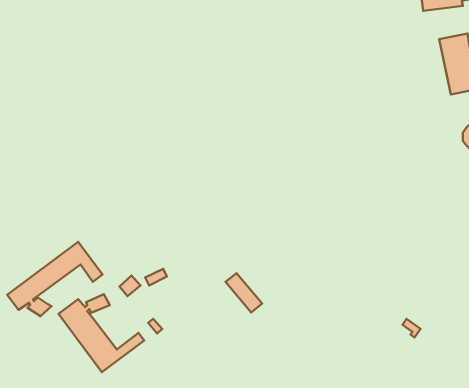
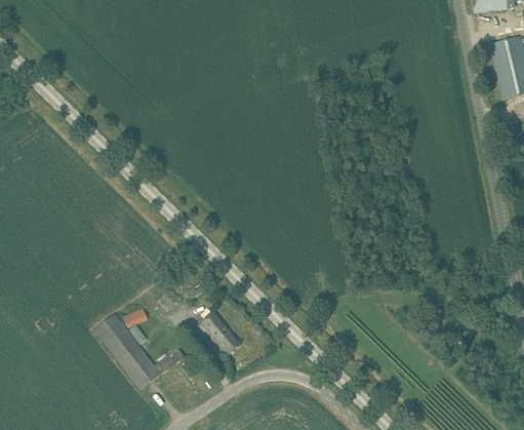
building: [7,242,102,316] -> none
building: [226,273,262,312] -> [202,313,240,354]

